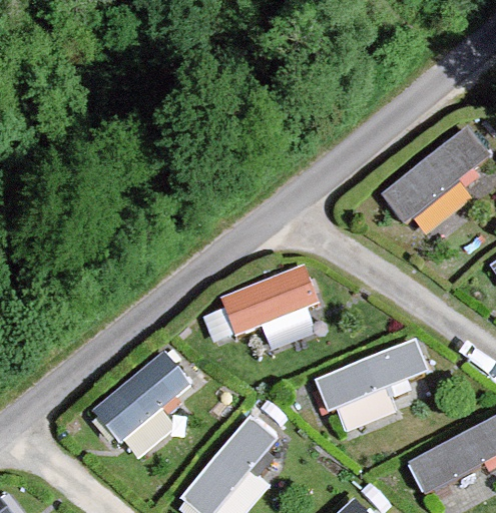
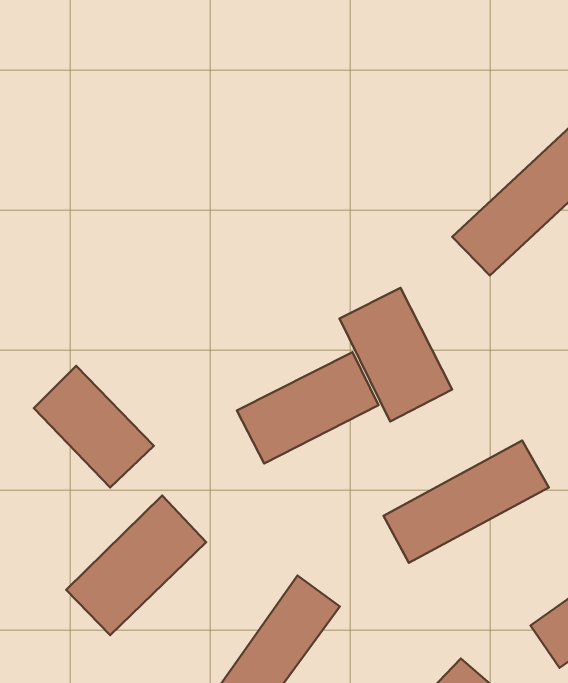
building: none -> [339,288,452,422]
building: none -> [34,366,154,487]

